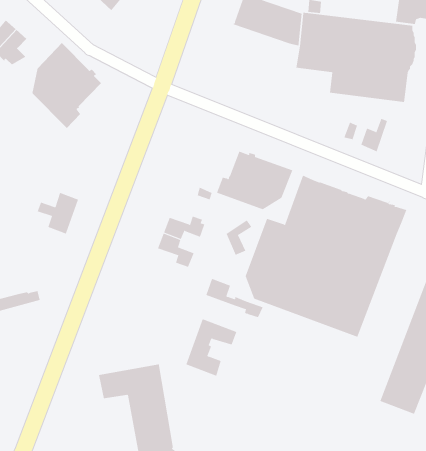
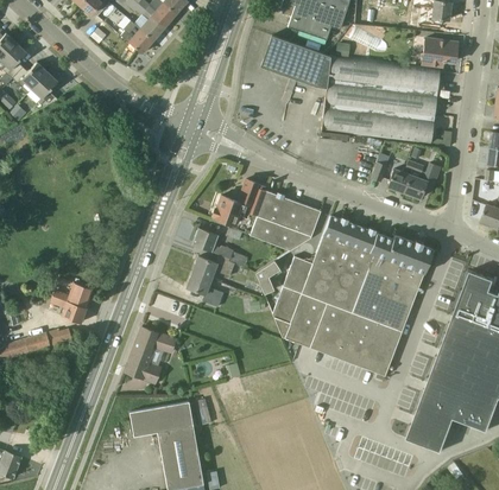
building: [32,42,102,129] -> none
building: none -> [321,109,359,134]
building: none -> [404,161,440,198]
building: none -> [214,179,267,224]
building: [37,192,79,234] -> [51,281,93,323]
building: [206,278,263,318] -> [192,228,250,267]
building: [185,319,237,376] -> [125,326,176,383]

